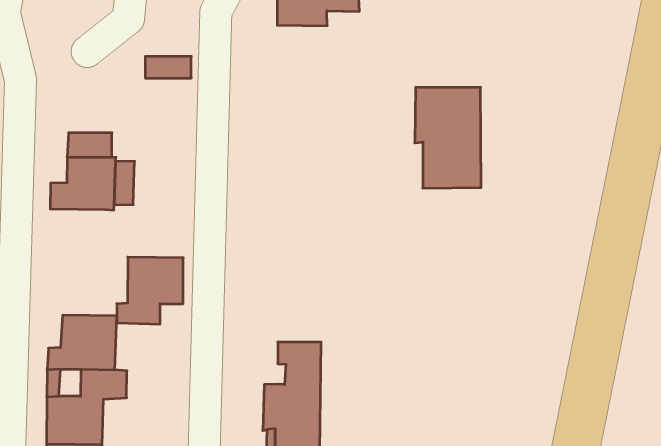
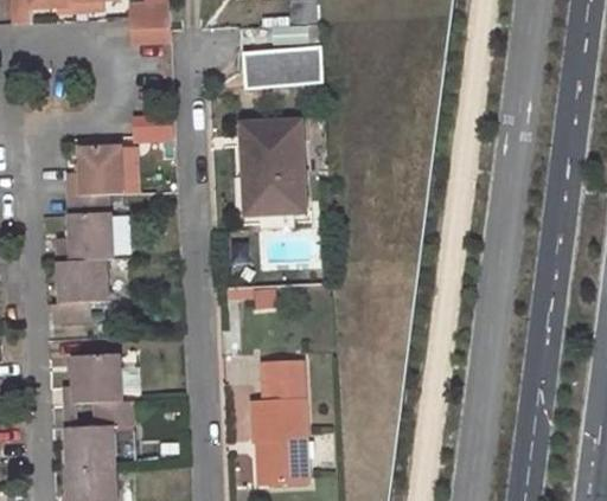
building: none -> [66,147,122,192]
building: [415,87,481,188] -> [239,122,302,213]
building: [117,257,183,324] -> [49,257,107,317]

